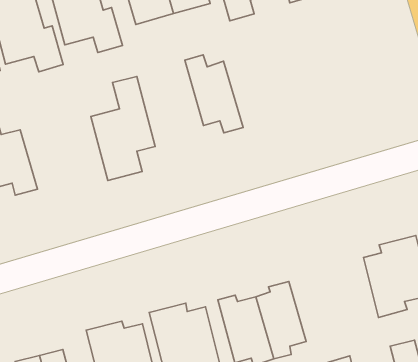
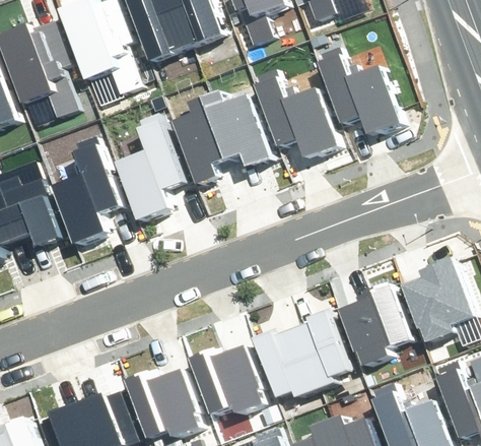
building: none -> [312,45,396,137]
building: none -> [252,64,336,156]
building: none -> [173,93,228,184]
building: none -> [54,143,122,252]
building: none -> [341,281,412,368]

